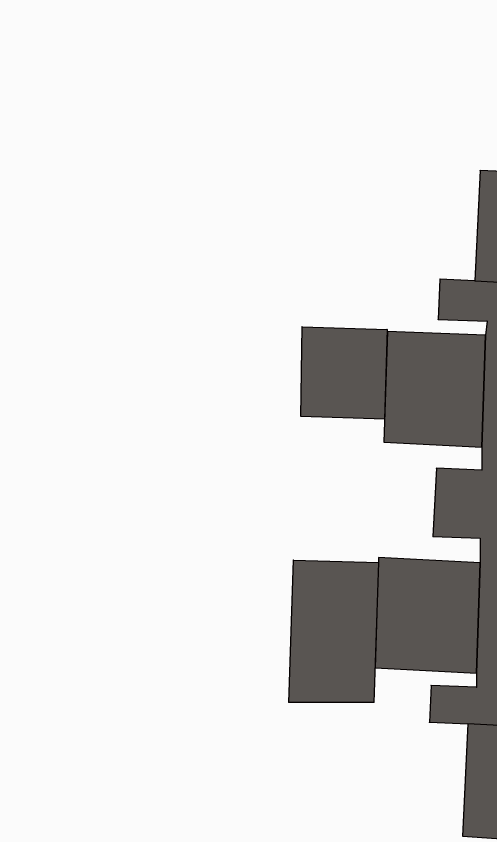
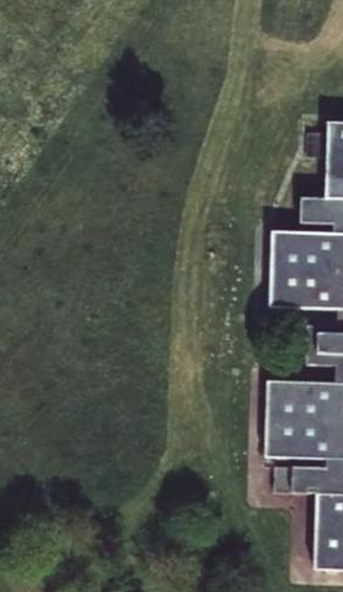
building: [301,327,387,419] -> none
building: [289,560,378,702] -> none

